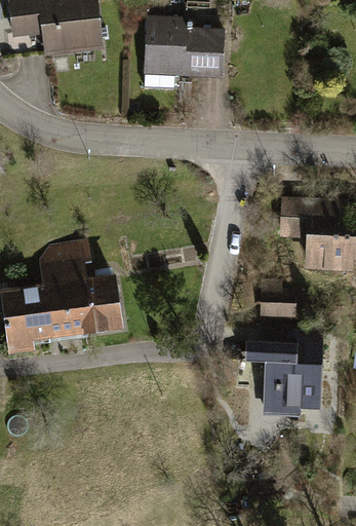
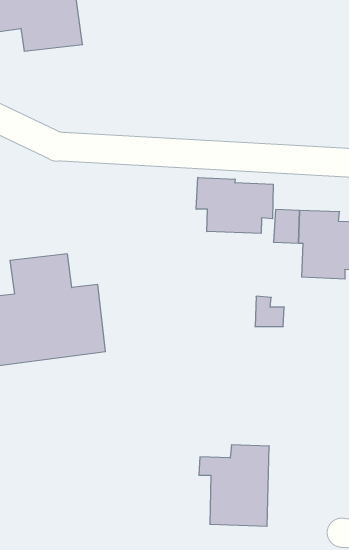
building: [145,18,224,89] -> none
building: none -> [196,177,273,233]
building: [254,331,321,408] -> [199,445,269,526]

